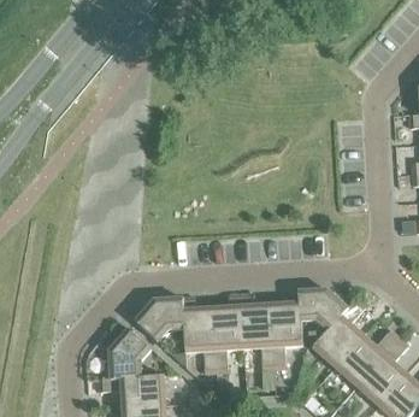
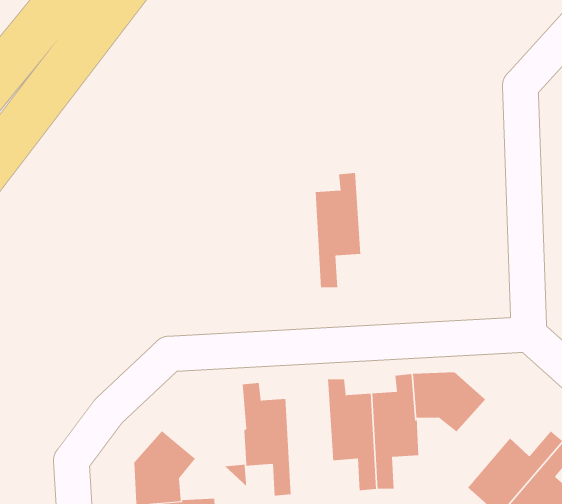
building: [212,294,243,372] -> [315,172,361,288]
building: [135,298,184,342] -> none
building: [312,299,365,368] -> none

